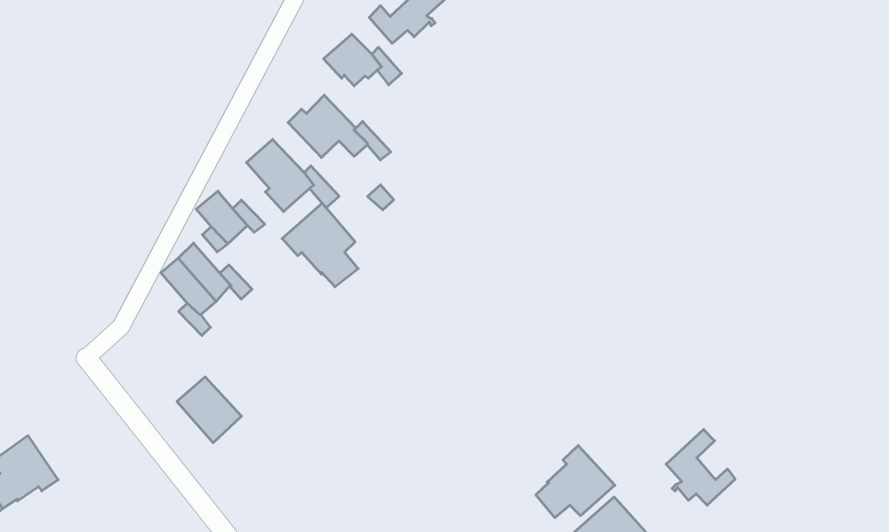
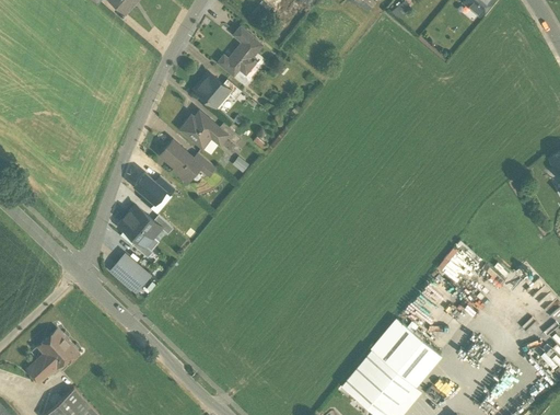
building: [282,203,358,287] -> none
building: [177,377,242,443] -> [110,256,149,293]
building: [666,429,735,505] -> none
building: [536,445,615,518] -> none

